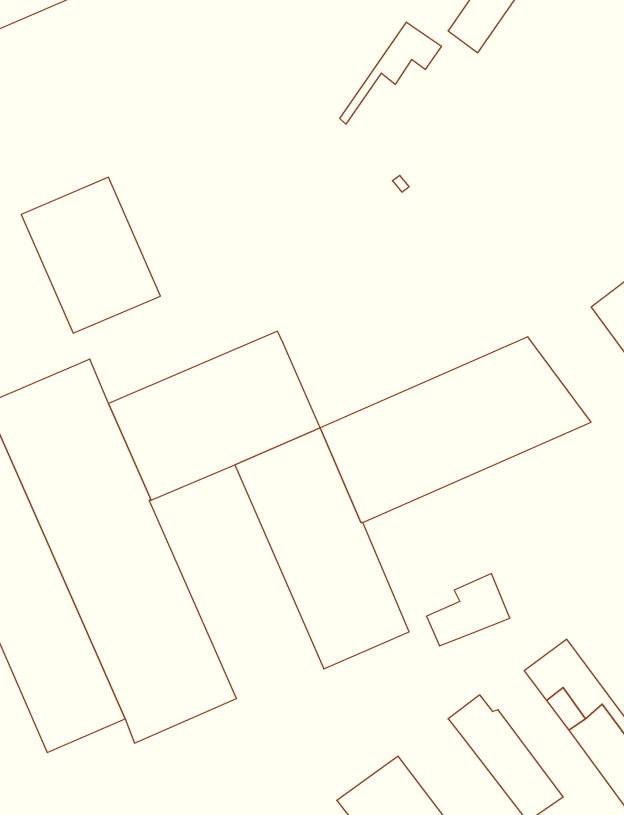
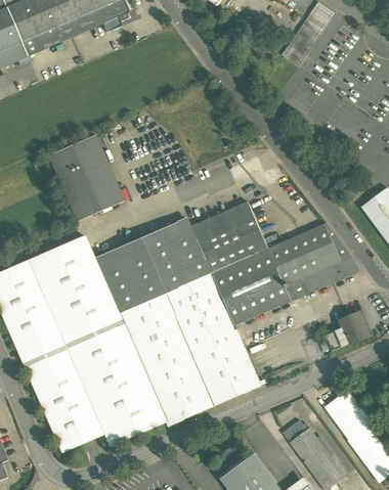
building: [340,22,441,124] -> none
building: none -> [191,201,268,272]
building: none -> [118,293,214,426]
building: [426,574,510,646] -> [323,311,370,351]

